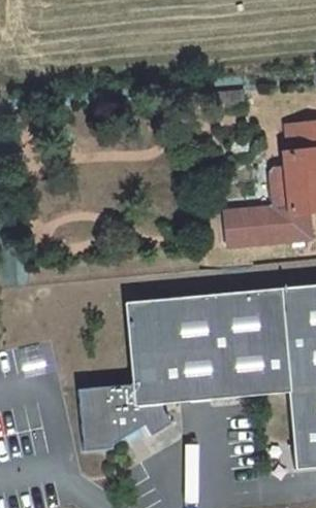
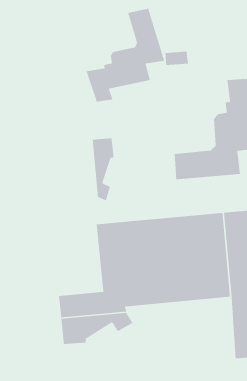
building: none -> [86,8,165,103]
building: none -> [92,137,114,202]

